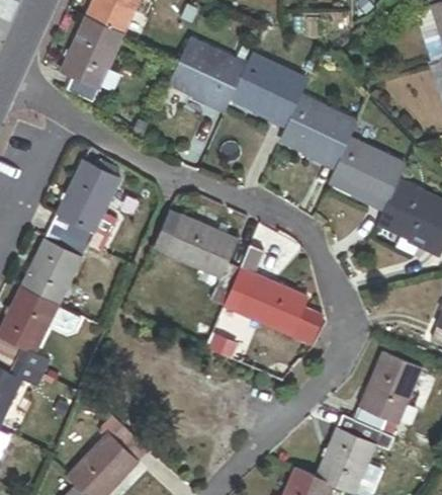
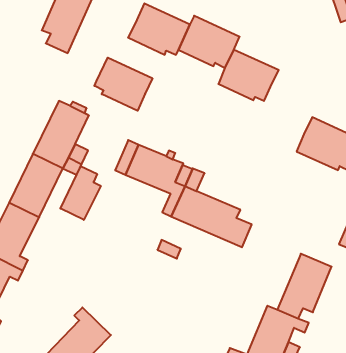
building: none -> [94,58,152,111]
building: [329,139,406,202] -> none
building: none -> [60,166,101,220]

